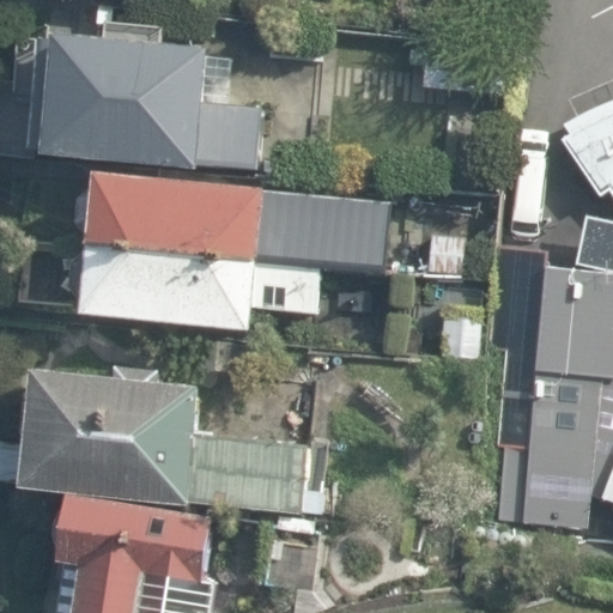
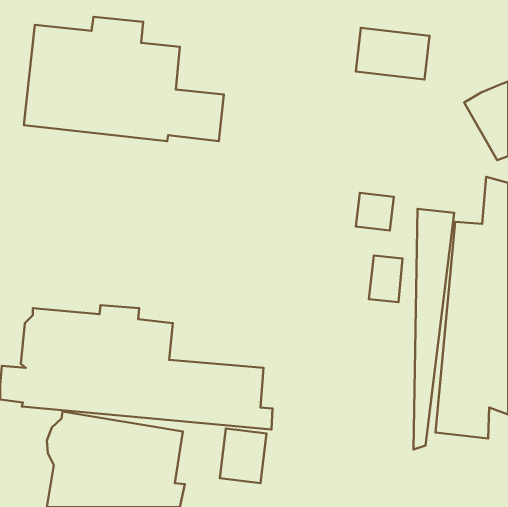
building: [80,175,388,274] -> none
building: [81,253,329,338] -> none

